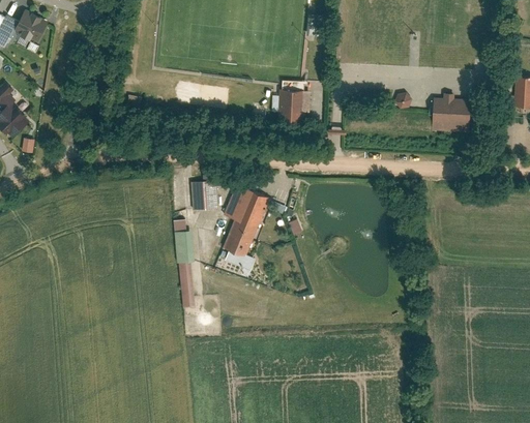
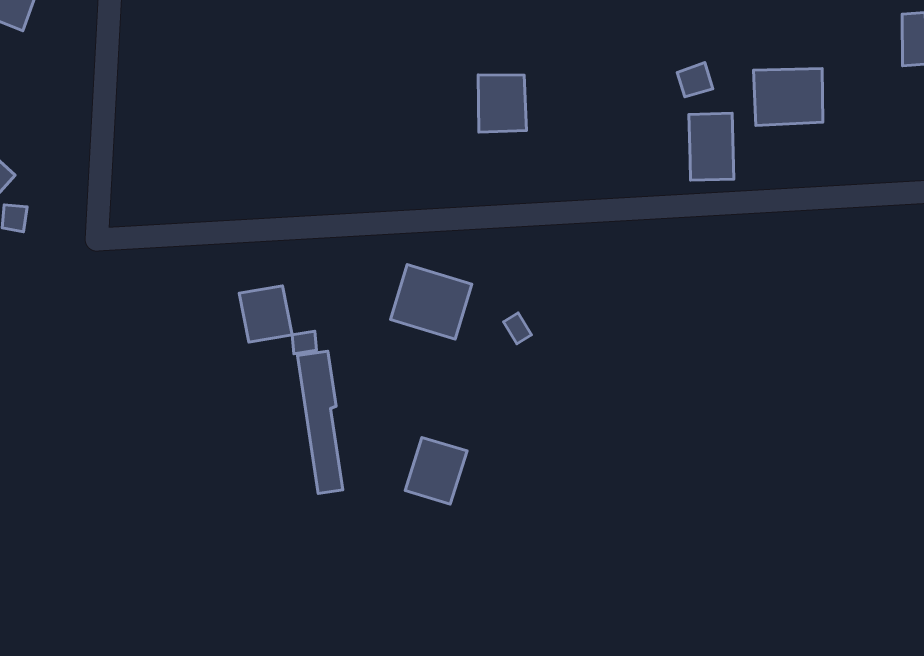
building: none -> [689,113,734,180]
building: [190,181,217,210] -> [239,286,292,342]
building: [225,219,260,256] -> [405,437,467,504]

